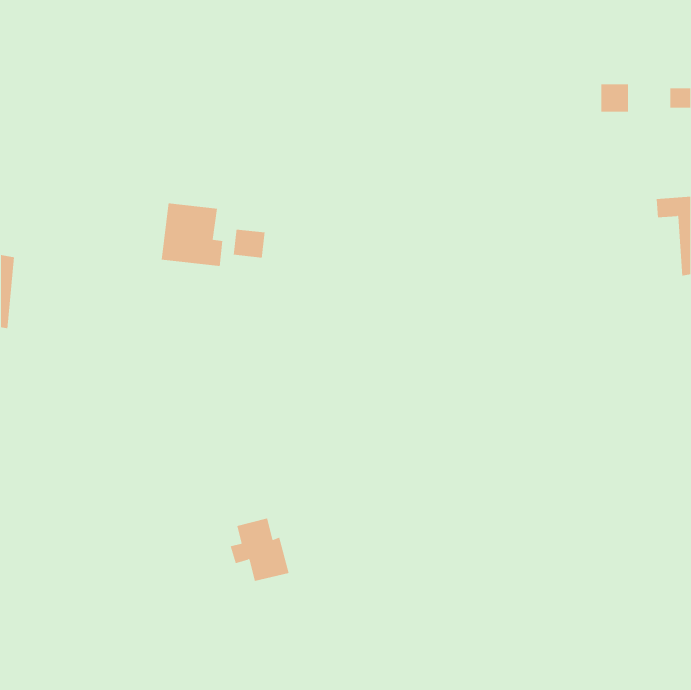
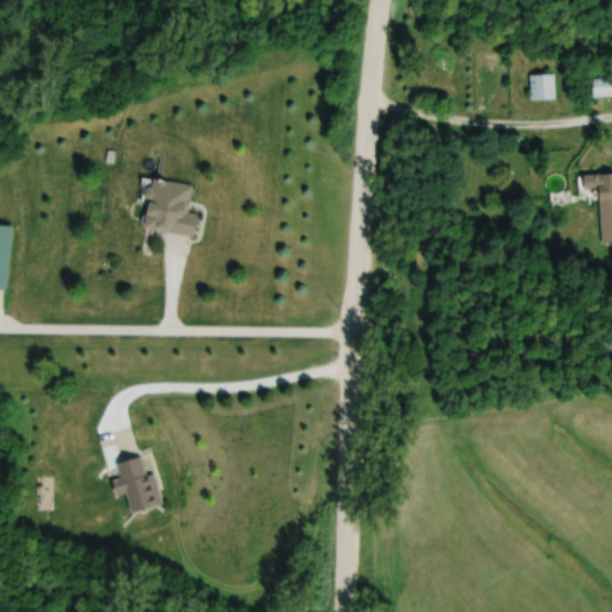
building: [233,229,265,259] -> none
building: [230,518,289,581] -> [110,455,163,512]

